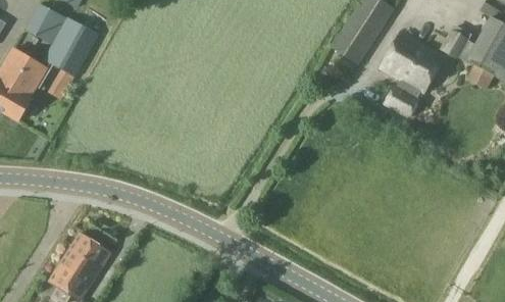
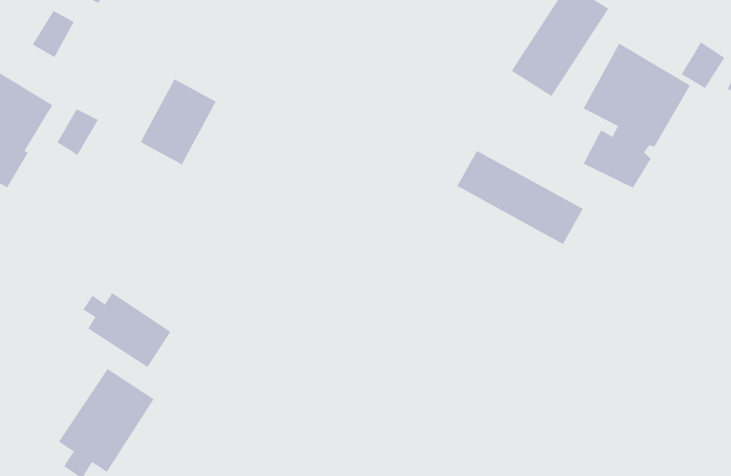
building: [47,19,95,73] -> [140,79,217,165]
building: none -> [457,150,583,245]
building: none -> [83,292,171,368]

